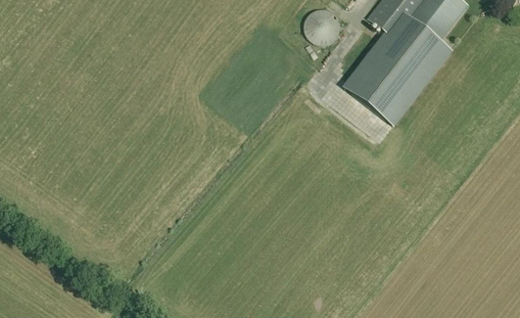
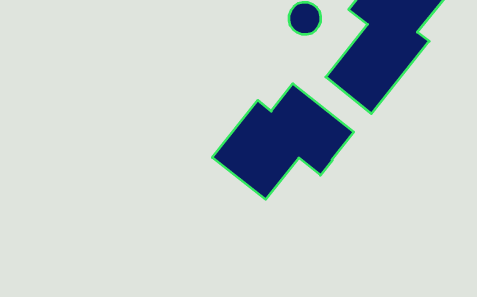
building: none -> [212,84,354,199]

